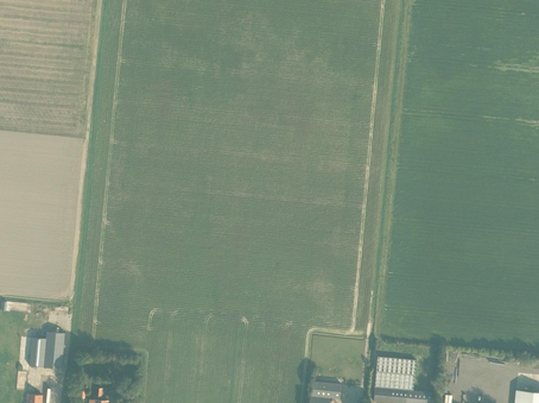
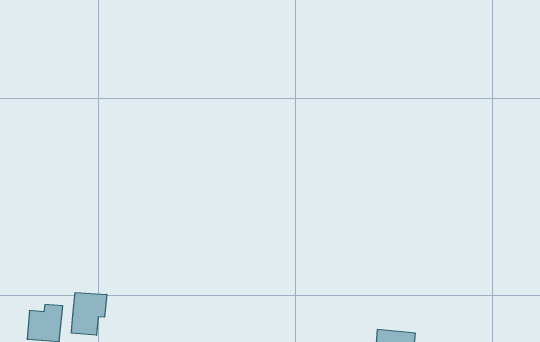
building: none -> [71,293,107,335]

